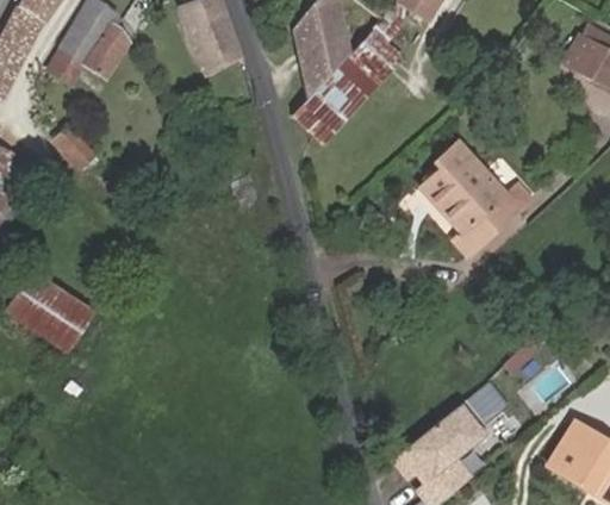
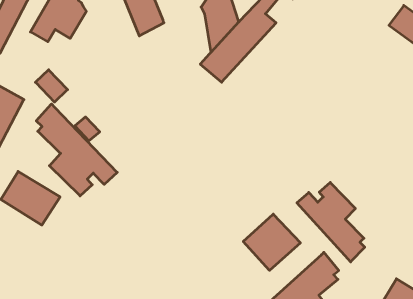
building: [418,141,519,256] -> none
building: none -> [36,104,117,196]
building: none -> [297,182,365,262]
building: none -> [243,214,300,270]

